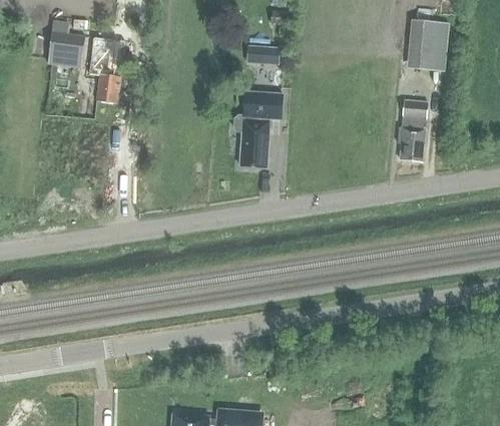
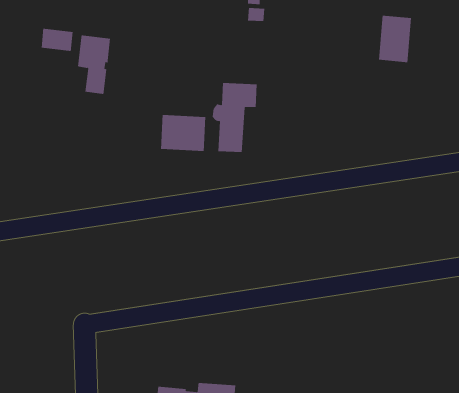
building: [245,45,280,64] -> none
building: [397,98,427,159] -> none
building: none -> [161,114,206,152]

